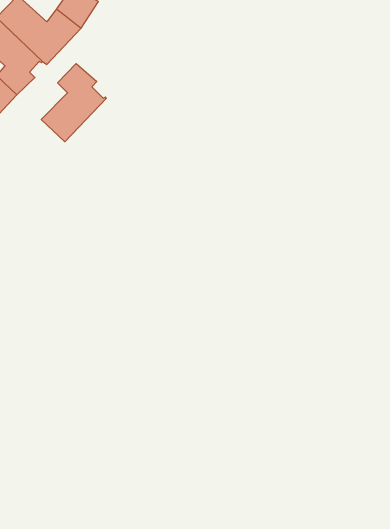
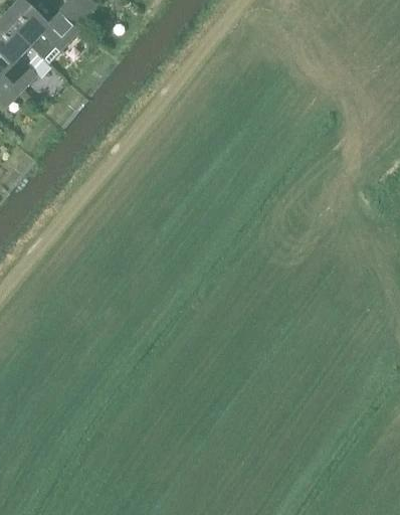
building: [41,64,106,142] -> none

